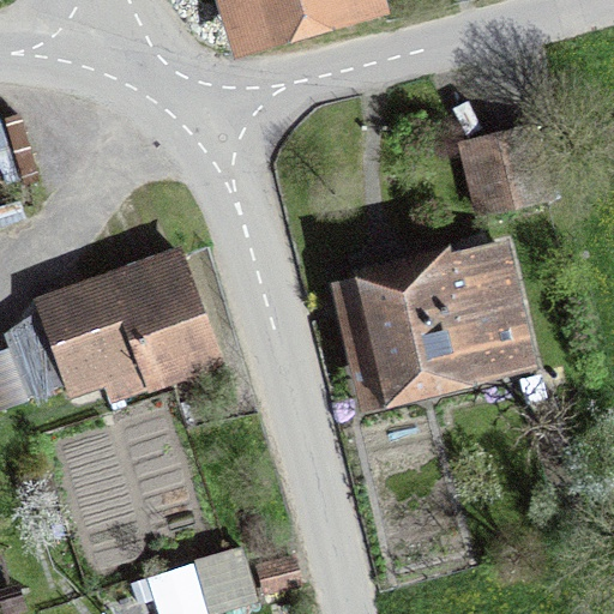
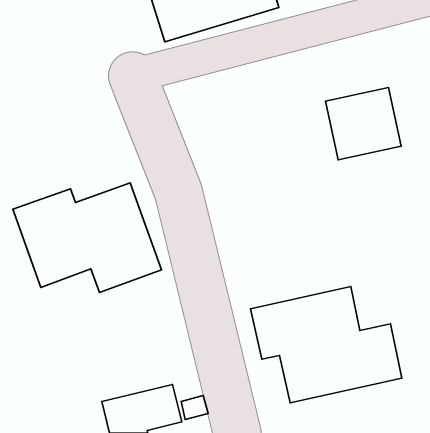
building: [326,233,540,411] -> none
building: none -> [250,286,402,403]

